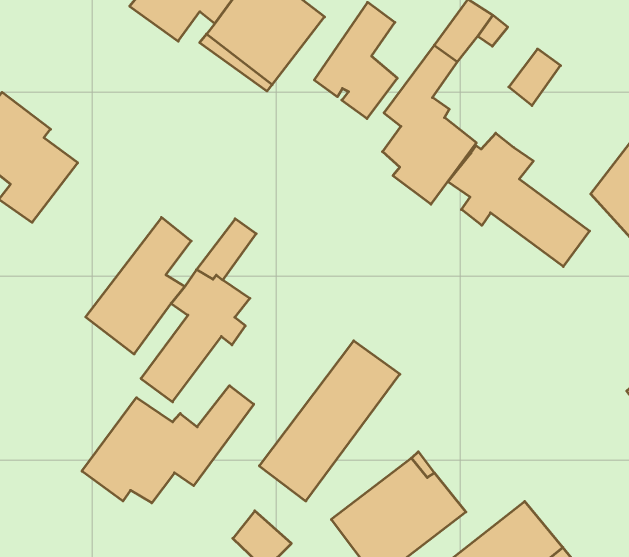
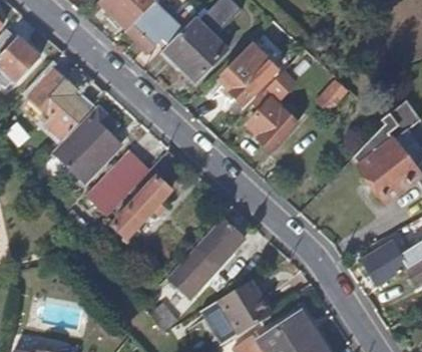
building: [448,133,590,267] -> none
building: none -> [52,103,122,180]
building: [82,386,254,503] -> none

